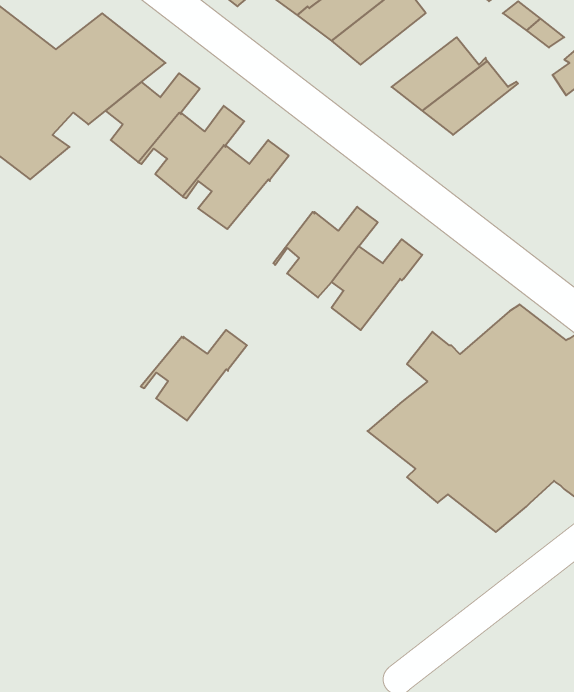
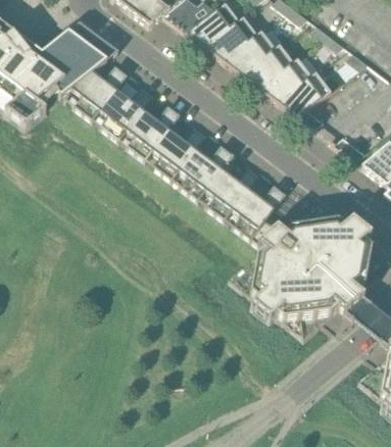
building: none -> [225,28,282,71]
building: none -> [280,69,333,114]
building: none -> [225,182,290,237]
building: [141,330,247,421] -> [145,122,208,177]

